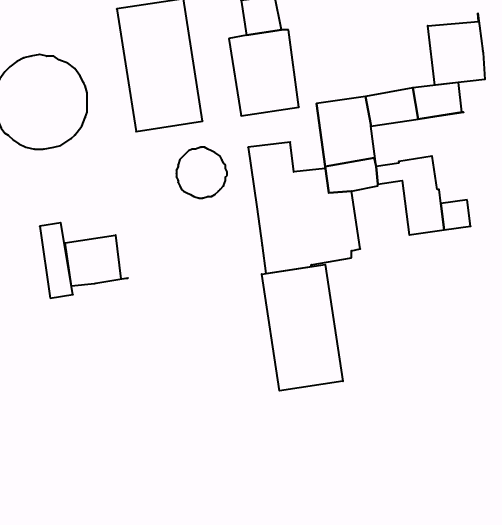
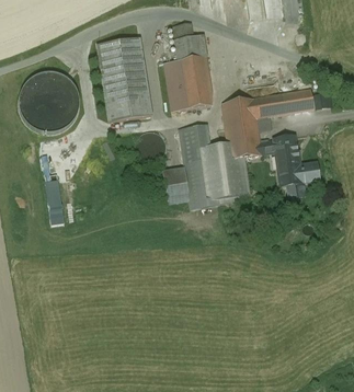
building: [428,13,485,85] -> none
building: none -> [162,168,187,195]
building: [65,235,128,286] -> none
building: [262,265,343,391] -> none

